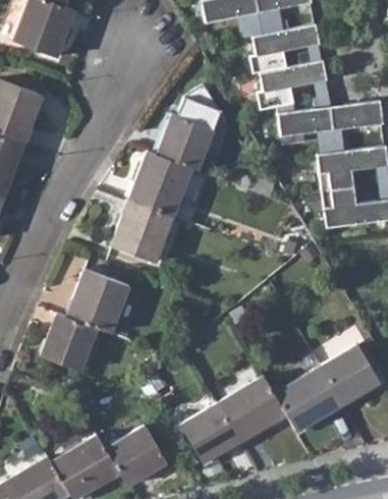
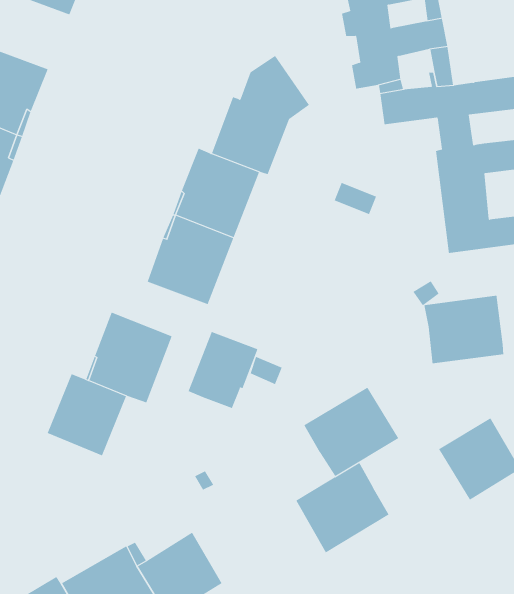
building: none -> [424,295,504,364]
building: none -> [188,331,258,409]
building: [274,367,342,431] -> [304,387,399,477]
building: [180,403,239,462] -> none

